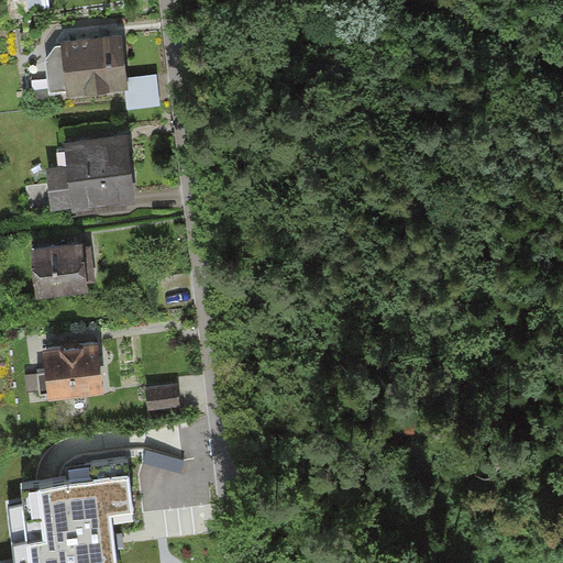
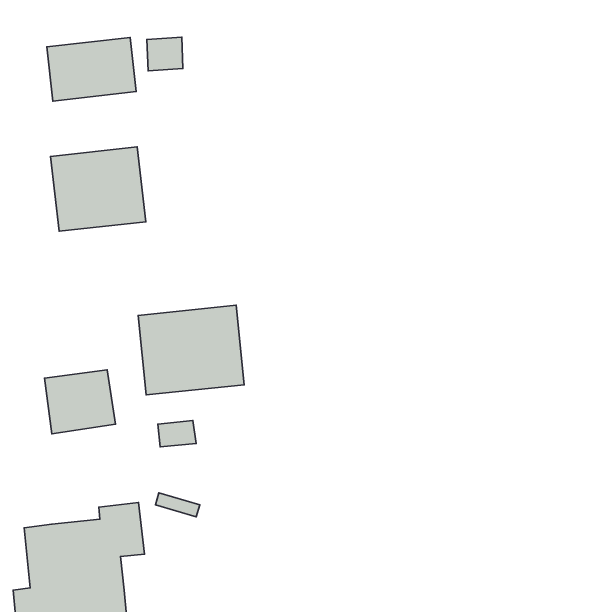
building: [126,76,159,107] -> [147,37,183,71]
building: [30,244,91,300] -> none
building: none -> [138,305,244,395]

